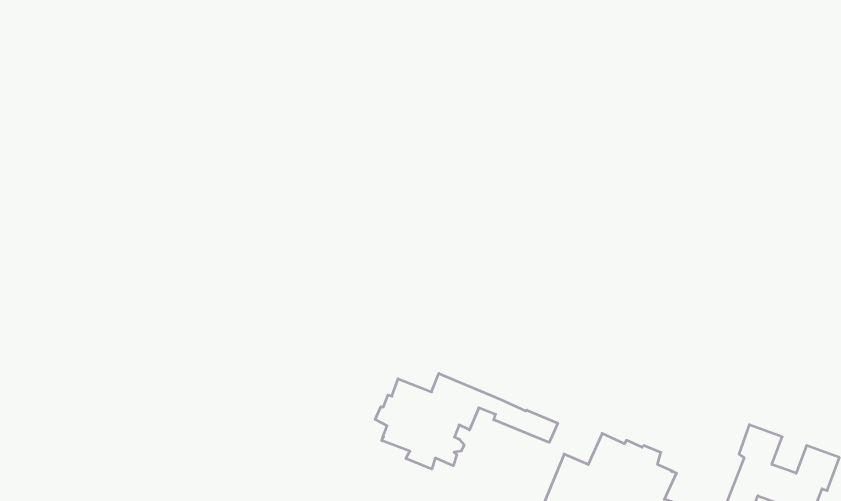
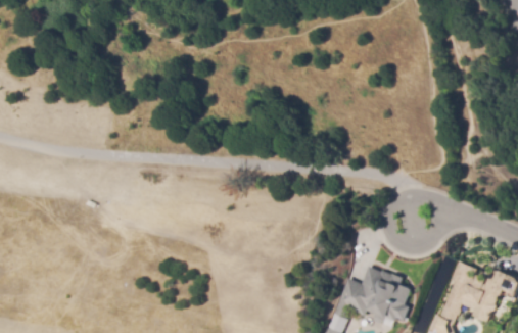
building: [375,373,558,469] -> none

